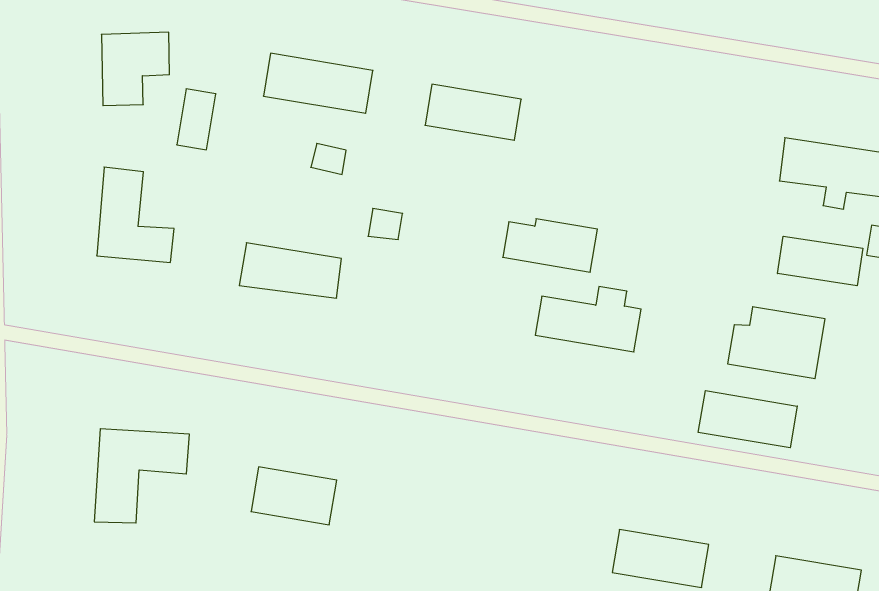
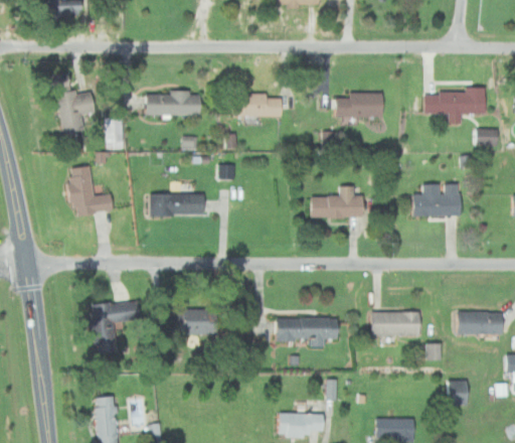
building: [503,219,597,272] -> [337,94,384,117]
building: [778,236,863,286] -> none
building: [698,391,797,448] -> none
building: none -> [277,317,338,340]

